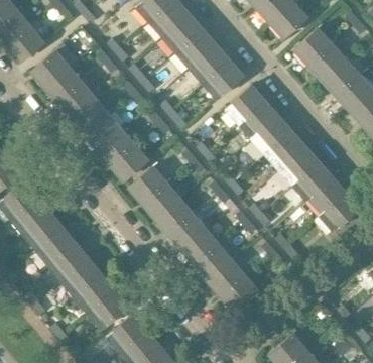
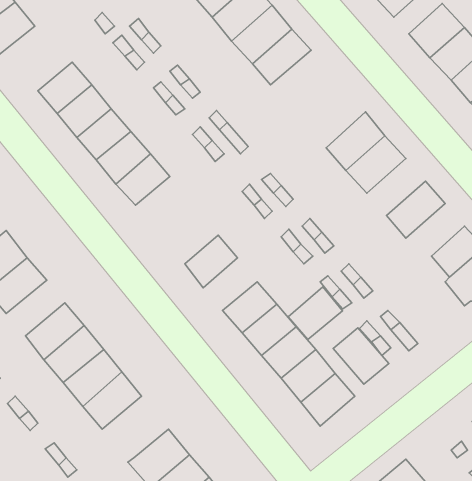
building: [31,50,69,87] -> none
building: [202,59,243,99] -> none
building: [225,85,265,125] -> none
building: [266,132,305,170] -> none
building: [111,144,147,180] -> none
building: [292,162,332,201] -> none
building: [129,166,166,203] -> none
building: [156,199,193,234] -> [288,287,342,340]
building: [24,214,64,251] -> none
building: none -> [333,328,389,384]
building: [89,291,128,329] -> none

